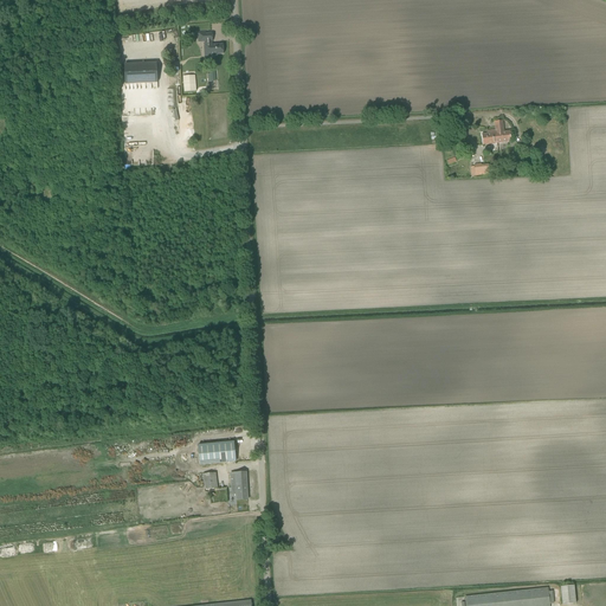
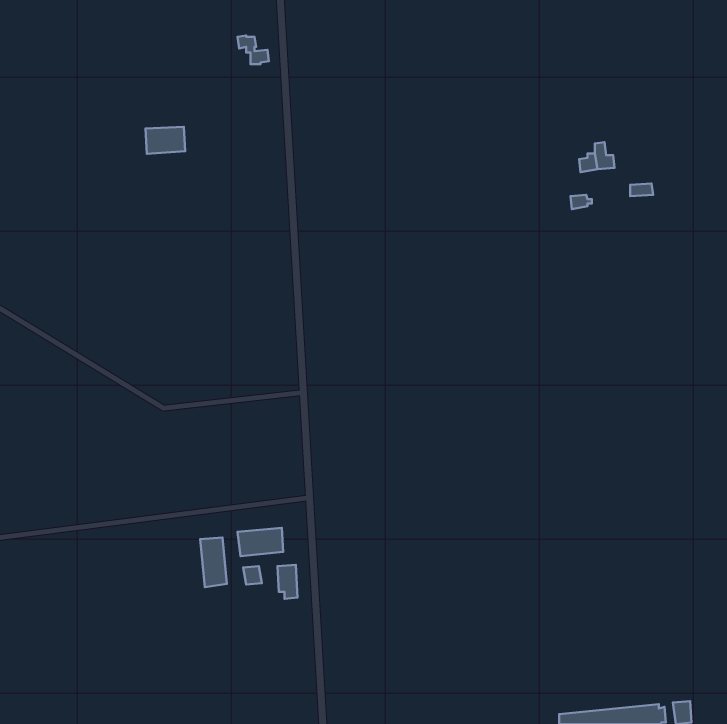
building: [124,60,157,83] -> [145,127,185,154]
building: none -> [200,537,227,587]

